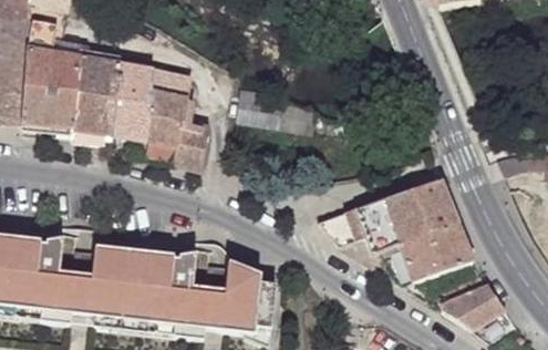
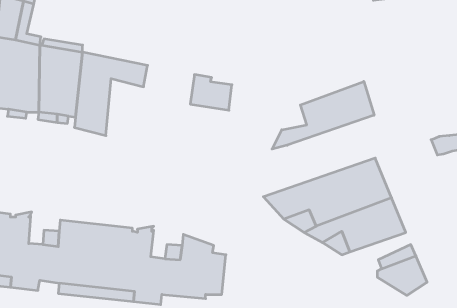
building: [144,91,207,169] -> none
building: none -> [272,81,374,149]

